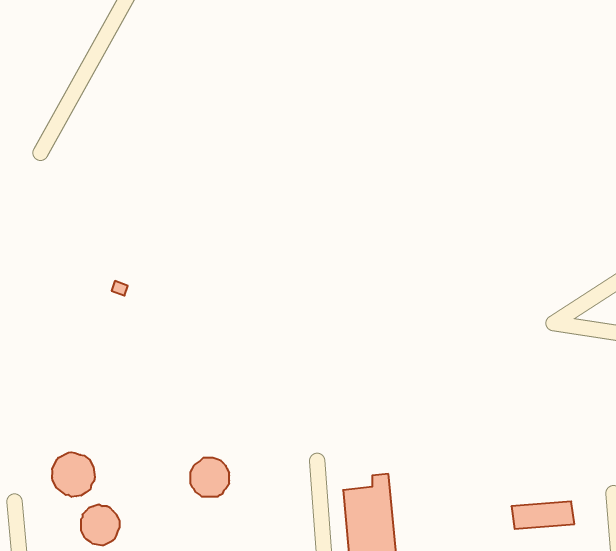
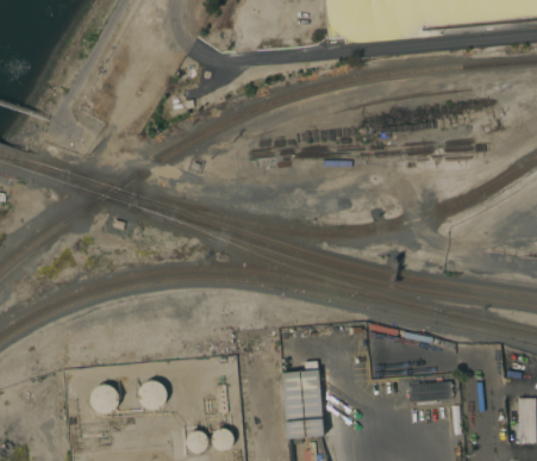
building: [52,452,95,497] -> none
building: [190,458,229,497] -> [138,381,167,410]

